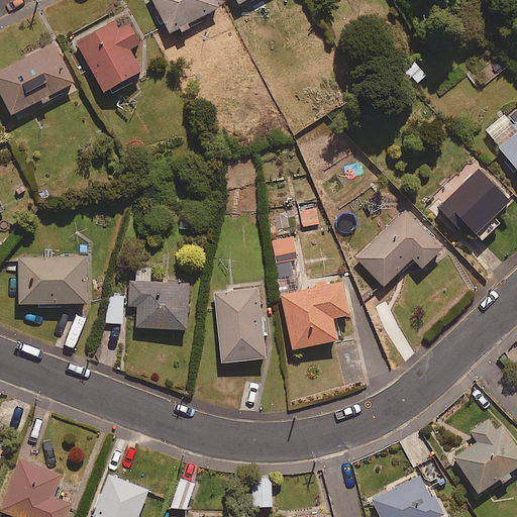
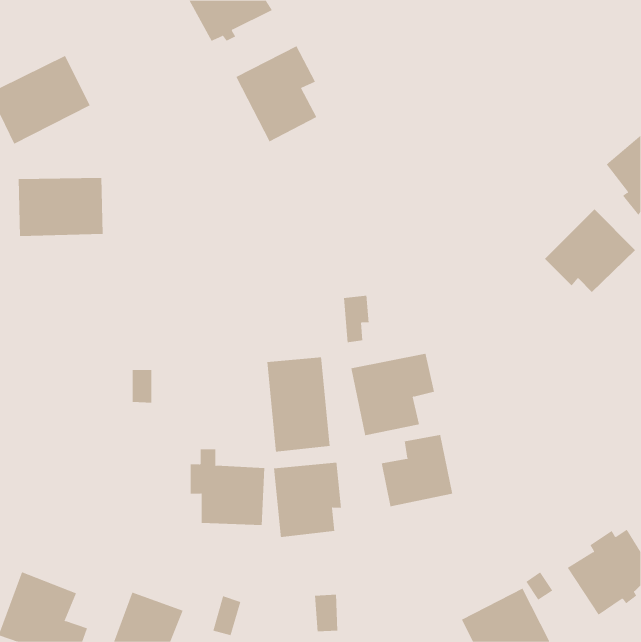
building: [75,15,140,93] -> [235,45,317,142]
building: [355,211,441,287] -> none
building: [17,257,86,305] -> [18,177,103,237]
building: [128,269,189,330] -> [190,449,265,526]
building: none -> [381,434,453,507]
building: none -> [274,462,341,538]

